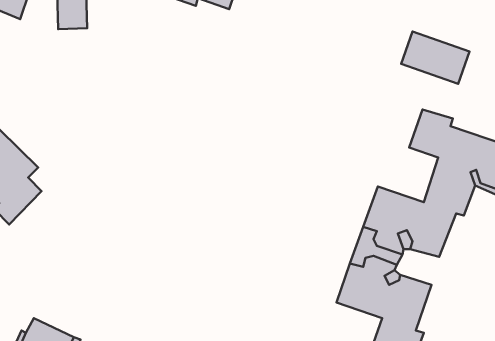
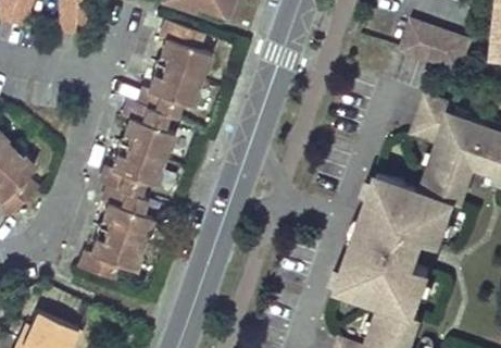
building: none -> [74,13,212,282]

